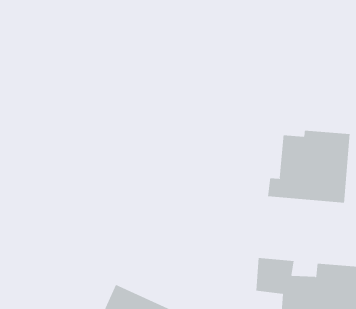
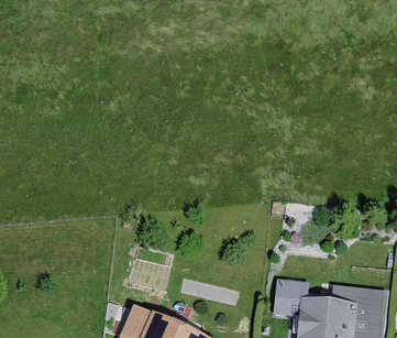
building: [267,130,350,204] -> none

